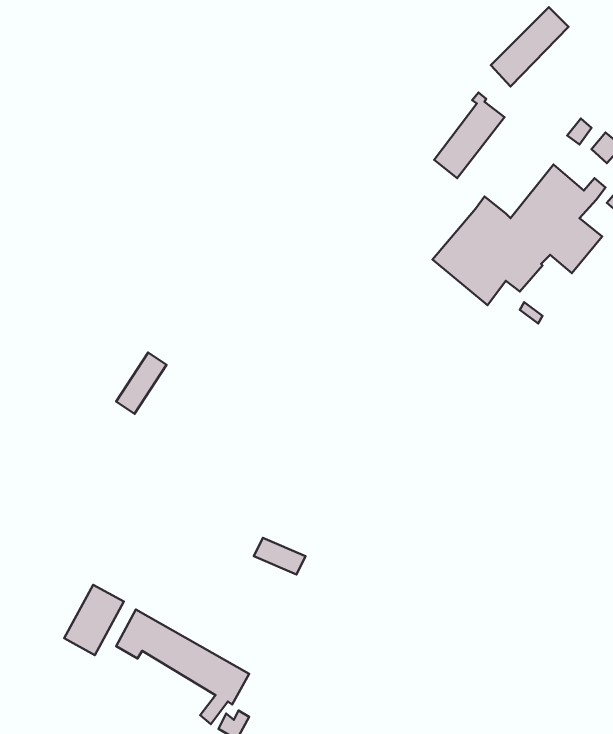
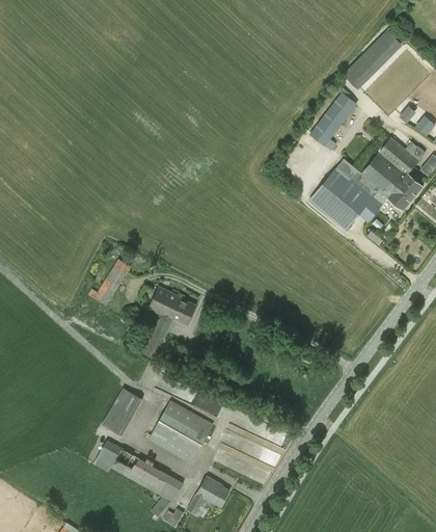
building: none -> [143,287,196,360]
building: none -> [148,399,213,463]
building: [64,585,124,655] -> [103,387,143,434]
building: none -> [188,475,229,513]

